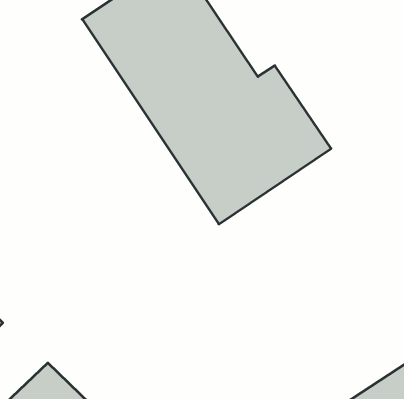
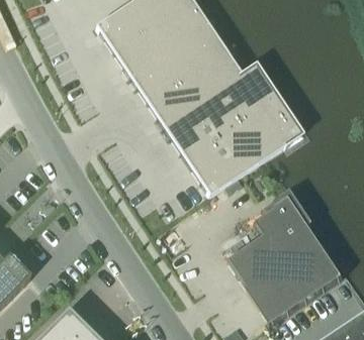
building: none -> [226,194,343,321]

